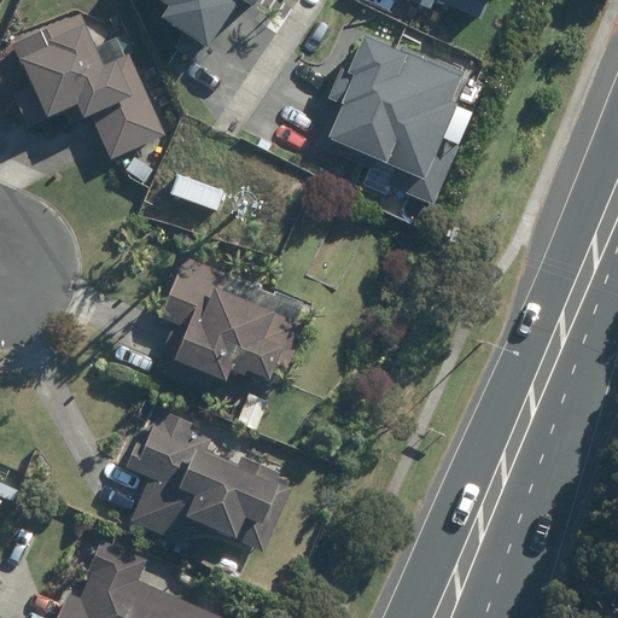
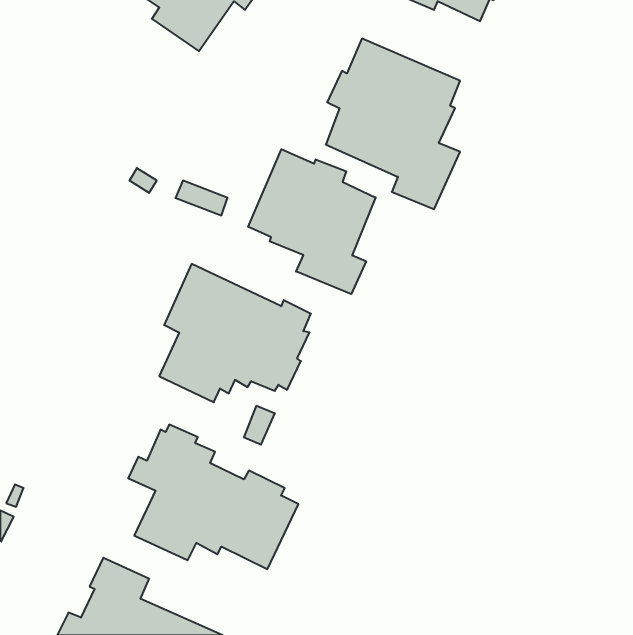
building: [13,13,165,158] -> none
building: none -> [248,149,376,294]

